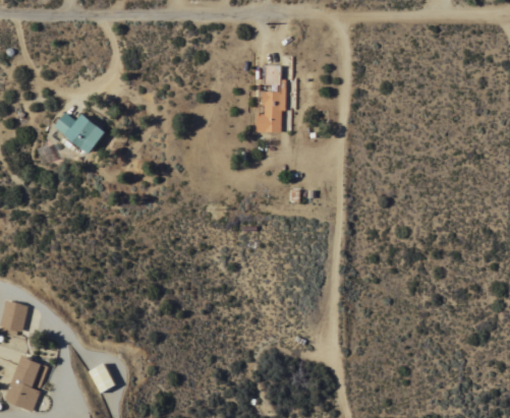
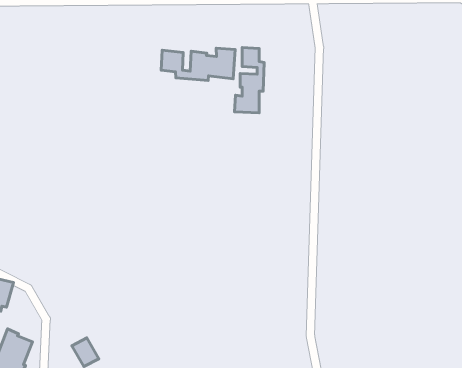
building: none -> [161,48,235,81]
building: [52,113,104,155] -> none

